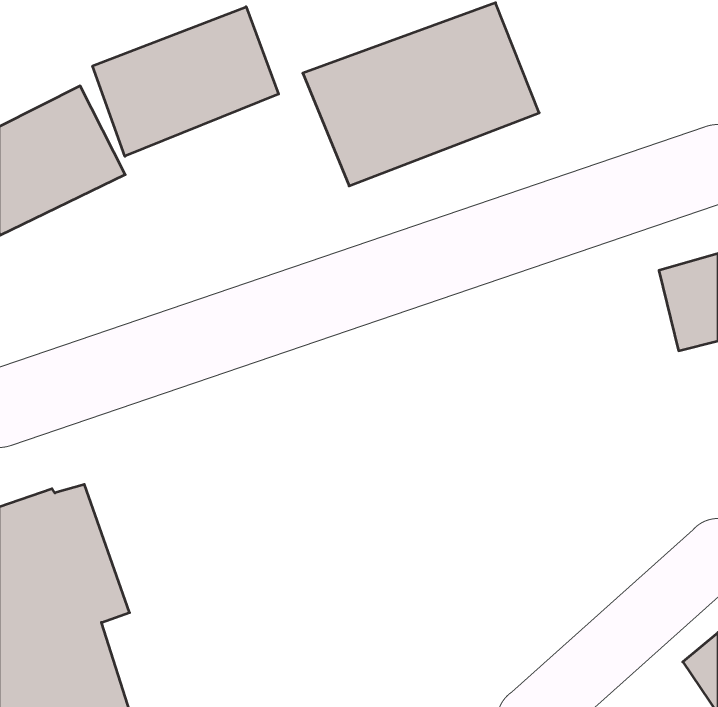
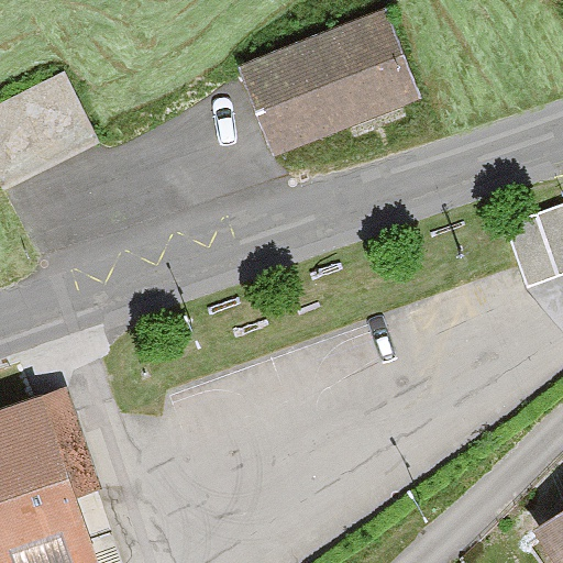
building: [93,7,279,156] -> none

